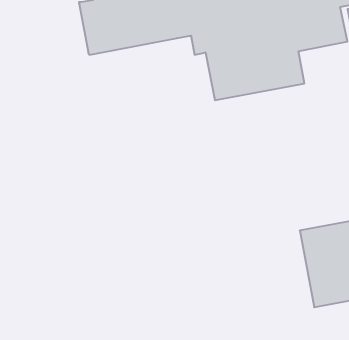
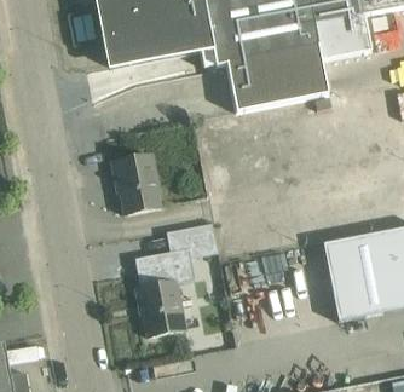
building: none -> [111,154,162,213]
building: none -> [134,223,218,335]

